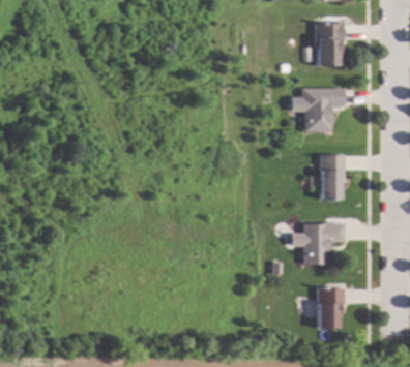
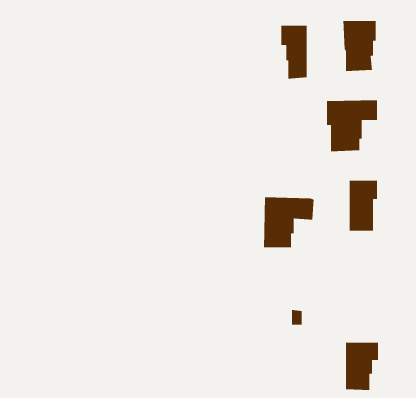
building: none -> [280,25,308,79]
building: [302,222,345,265] -> [263,197,314,248]

